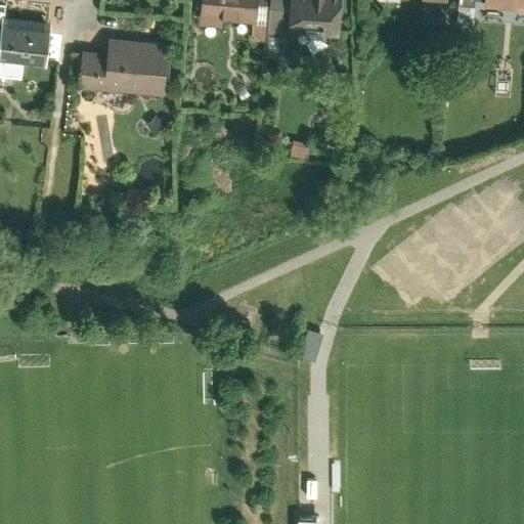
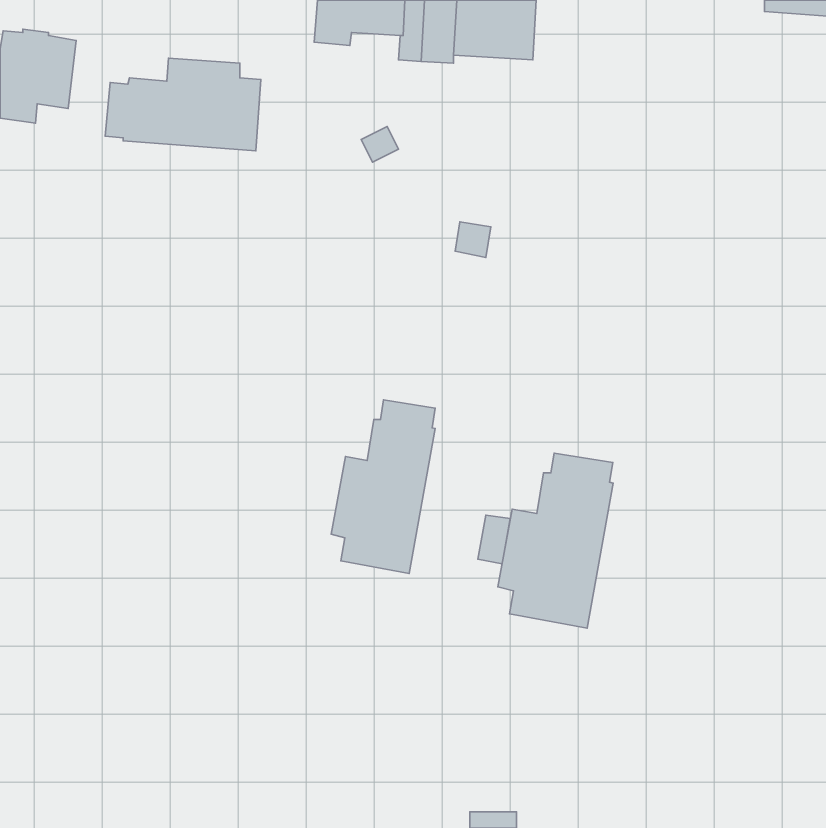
building: none -> [331,400,435,574]
building: none -> [498,453,613,628]

